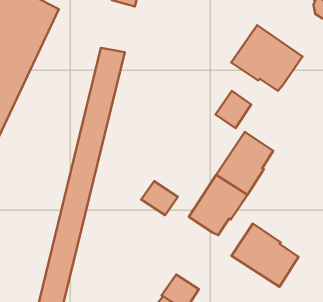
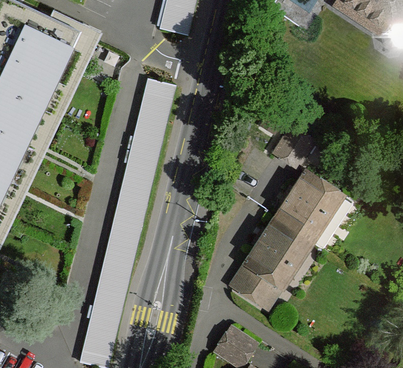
building: [231,25,303,91] -> none
building: [141,181,178,215] -> [230,263,270,300]
building: [232,224,298,287] -> none

